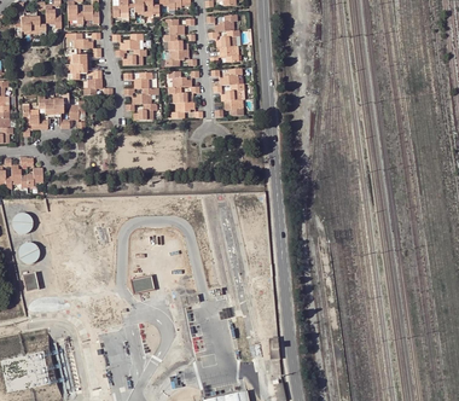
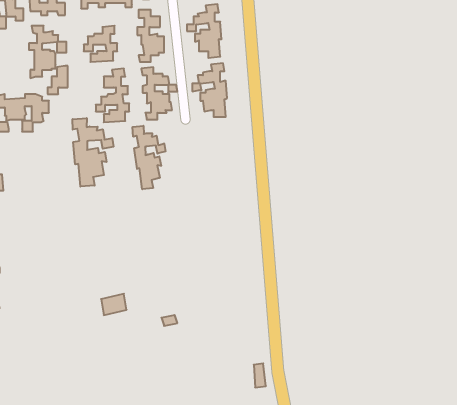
building: none -> [73,118,113,187]
building: none -> [133,126,166,189]

